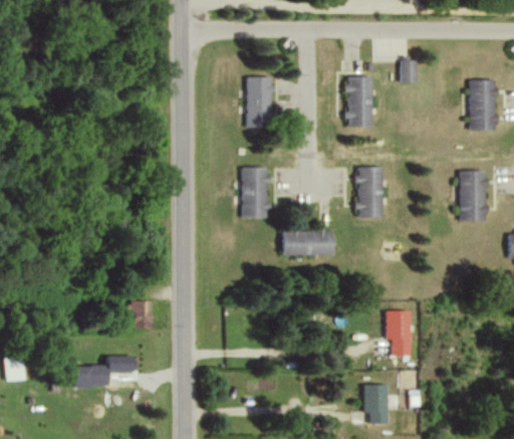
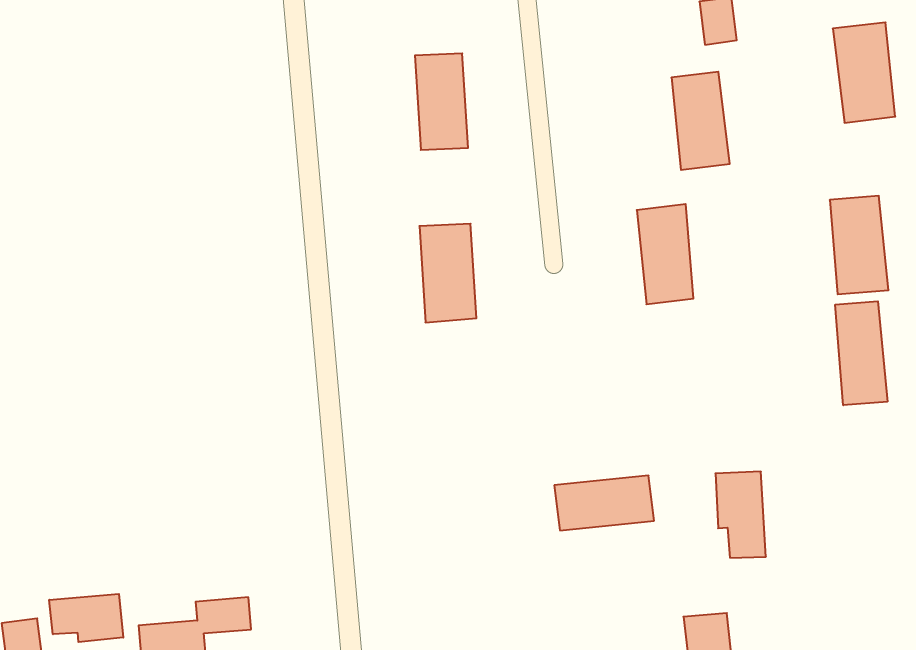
building: [345,76,372,127] -> [671,72,730,170]
building: none -> [835,301,887,405]
building: [282,231,333,256] -> [554,476,654,530]
building: [132,301,152,330] -> none
building: none -> [49,594,123,642]

